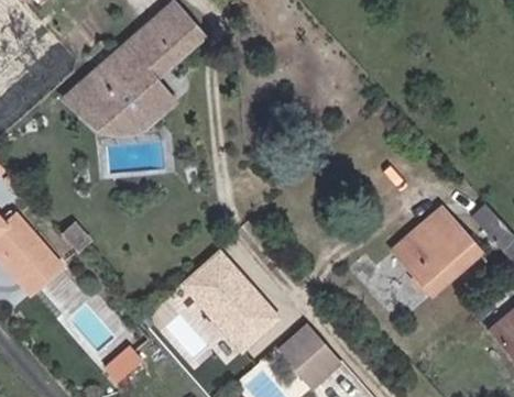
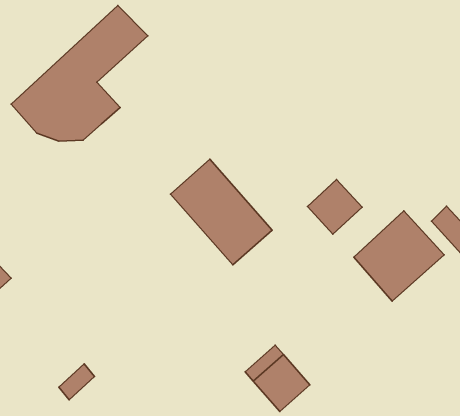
building: none -> [307,179,362,234]
building: [188,256,285,356] -> [170,159,272,265]

